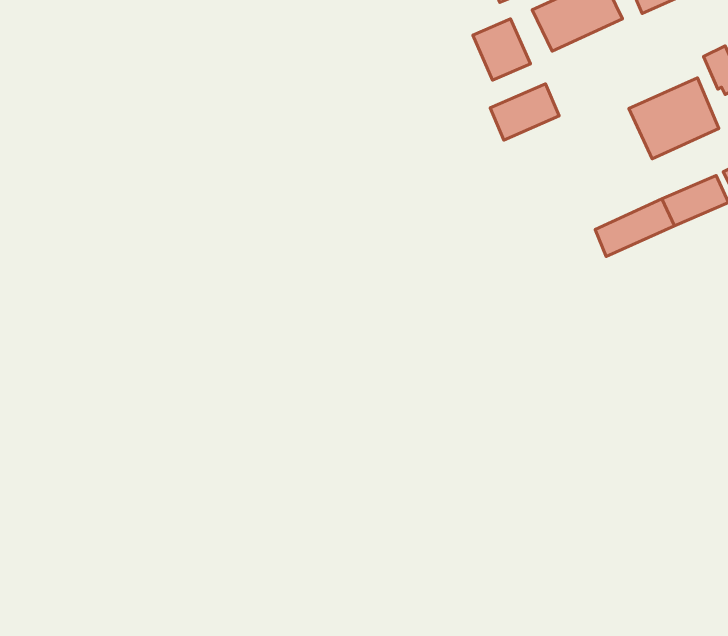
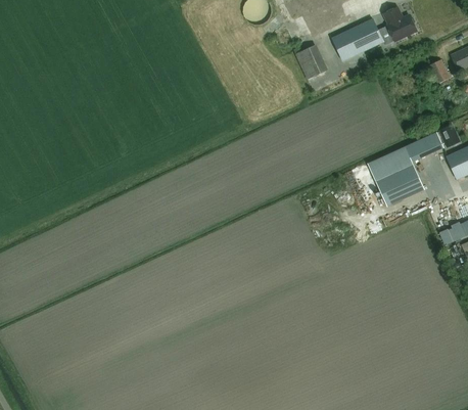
building: [629,78,719,159] -> [373,161,424,207]
building: [490,84,559,140] -> none

